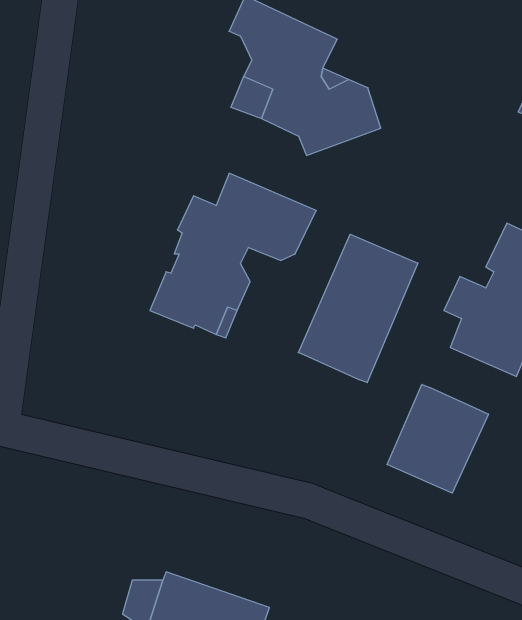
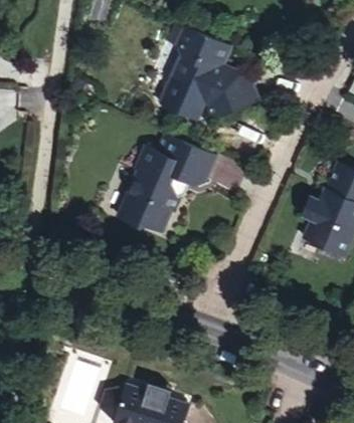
building: [298,234,418,383] -> none
building: [387,384,489,493] -> none

